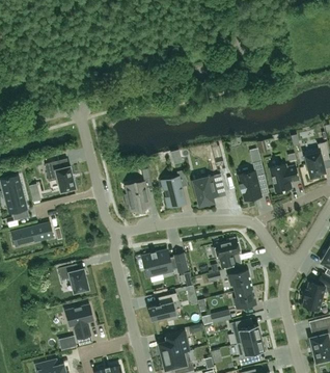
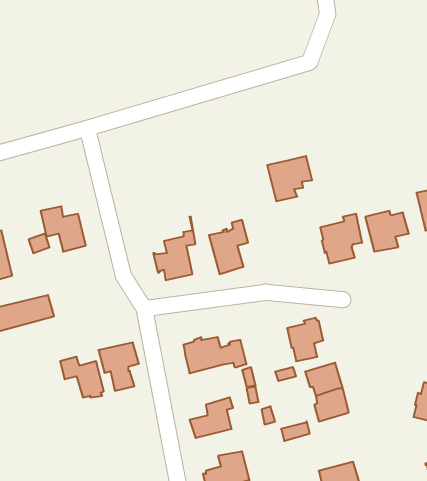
building: [193,175,224,206] -> [267,156,312,201]
building: [65,305,93,339] -> [98,343,139,391]
building: [229,320,260,344] -> none

